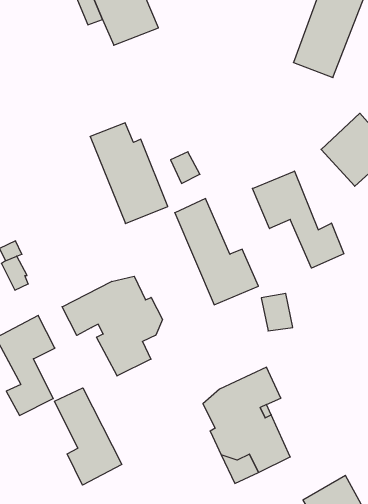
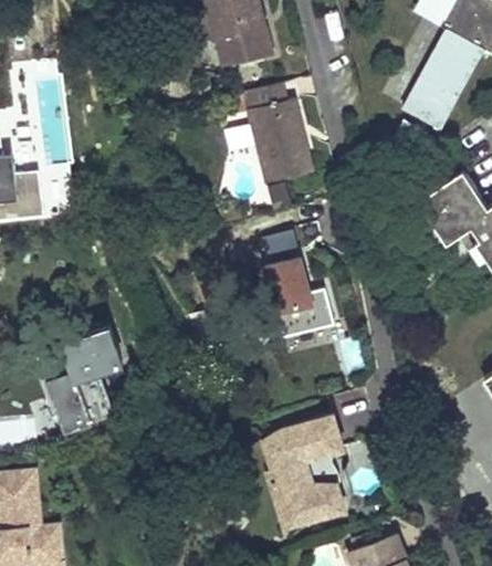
building: [90,123,168,224] -> [243,81,312,182]
building: [252,171,344,268] -> none
building: [62,276,162,376] -> none
building: [55,388,122,485] -> none

